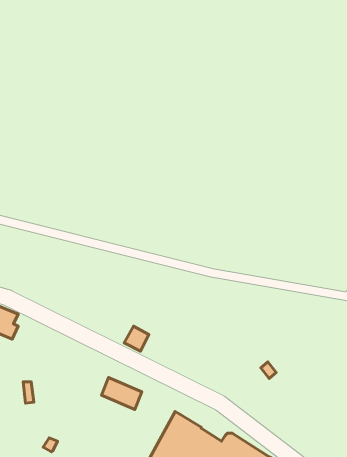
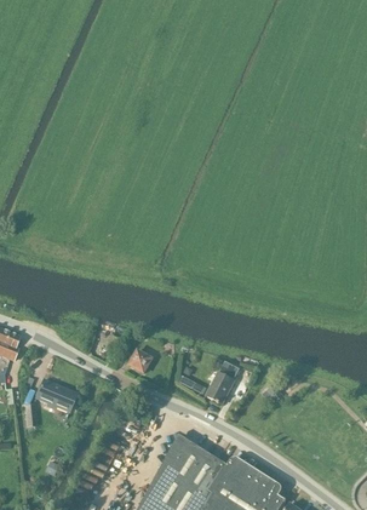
building: none -> [205,362,236,405]
building: [101,378,142,410] -> [35,380,76,413]

